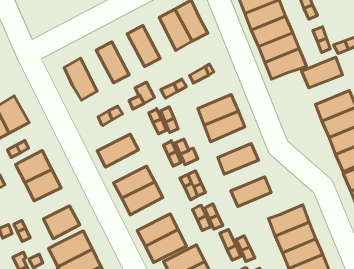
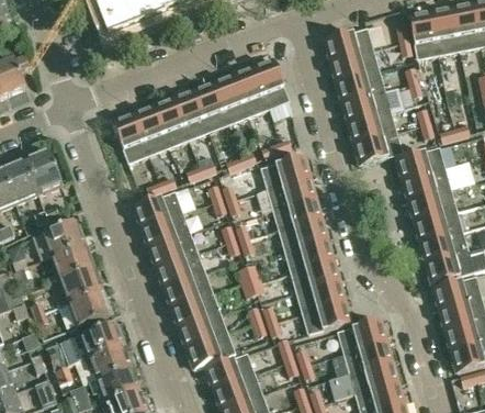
building: none -> [212,75,248,124]
building: none -> [172,90,208,147]
building: none -> [133,105,169,155]
building: none -> [403,168,451,200]
building: none -> [260,156,308,189]
building: none -> [133,190,187,226]
building: none -> [278,217,326,250]
building: none -> [148,231,198,267]
building: none -> [290,259,338,292]
building: none -> [58,266,100,301]
building: none -> [302,300,350,334]
building: none -> [171,291,219,327]

